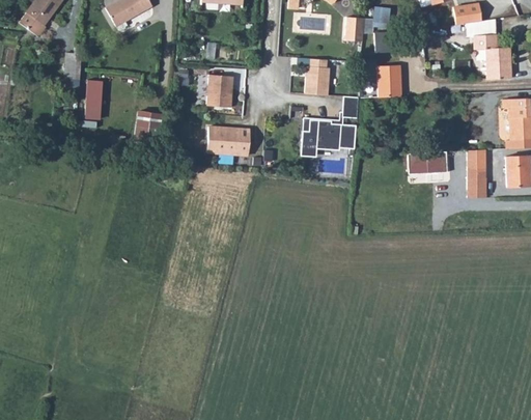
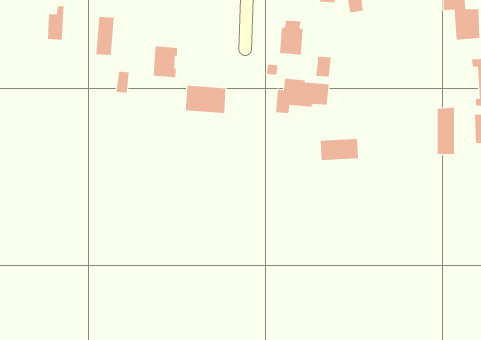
building: [378,65,402,97] -> none
building: [207,75,233,108] -> [153,46,178,78]
building: [85,78,105,118] -> [96,16,115,55]
building: [408,151,448,174] -> [320,138,359,160]

